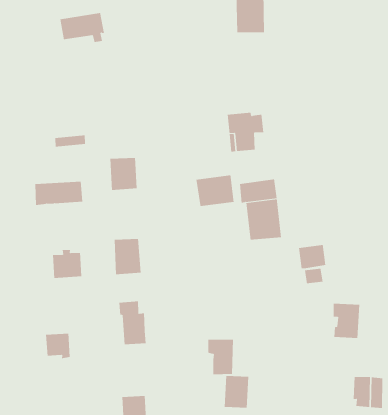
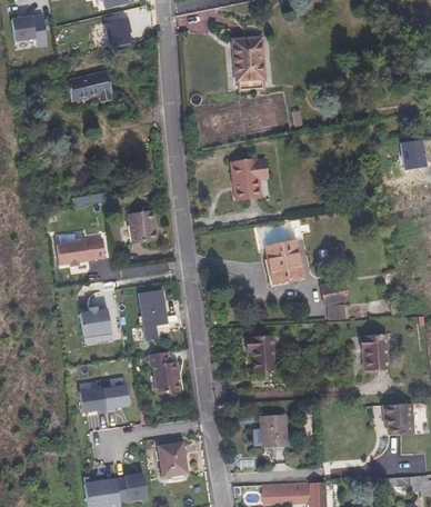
building: [196,175,234,207] -> none
building: none -> [102,384,129,411]
building: [208,339,234,375] -> [252,334,280,370]

